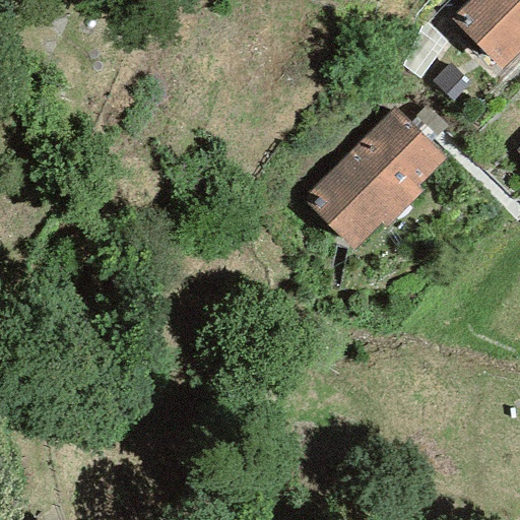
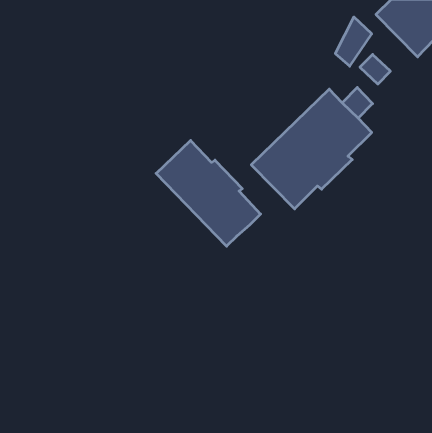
building: none -> [156,140,261,246]

